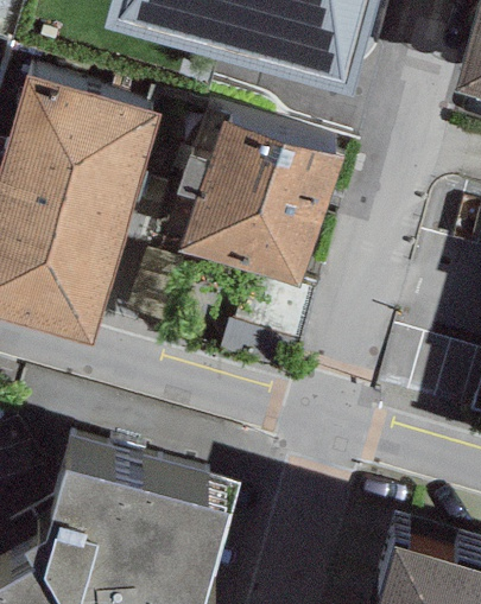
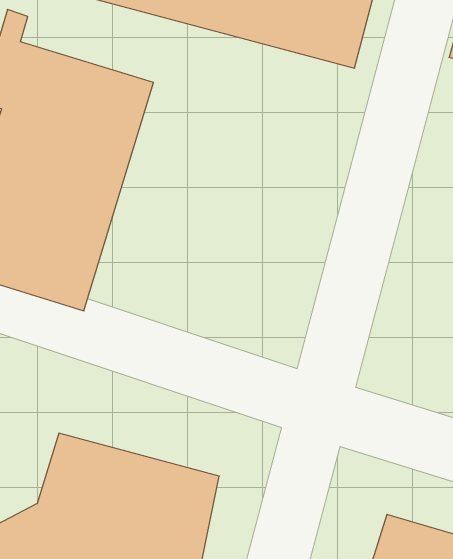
building: [167,103,343,282] -> none

